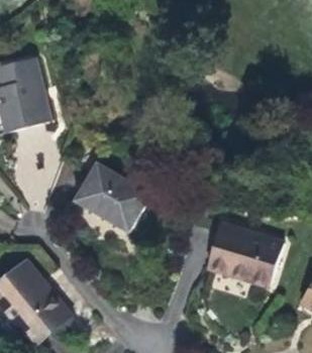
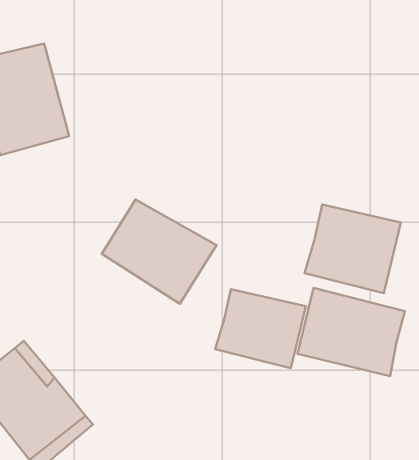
building: none -> [305,205,401,293]
building: none -> [215,289,306,368]

